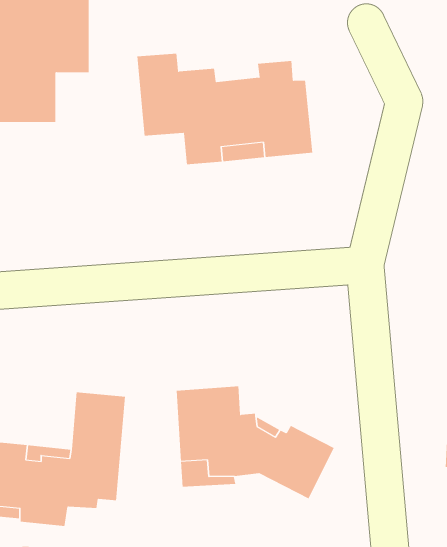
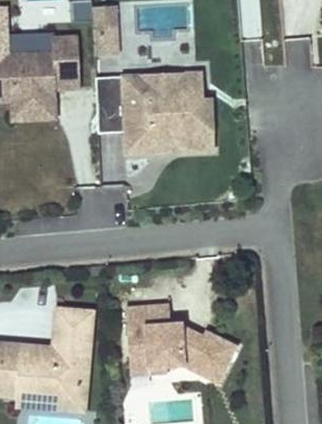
building: none -> [129,67,208,94]
building: none -> [20,380,87,408]

